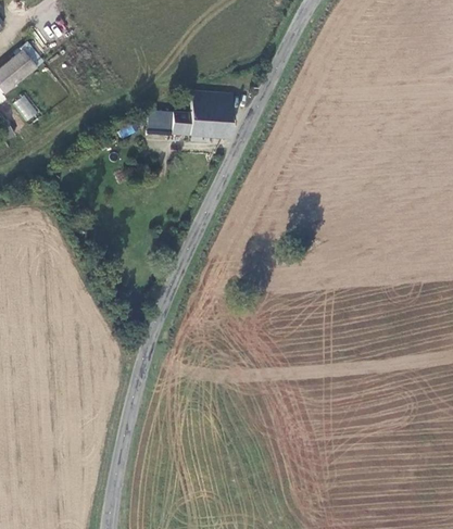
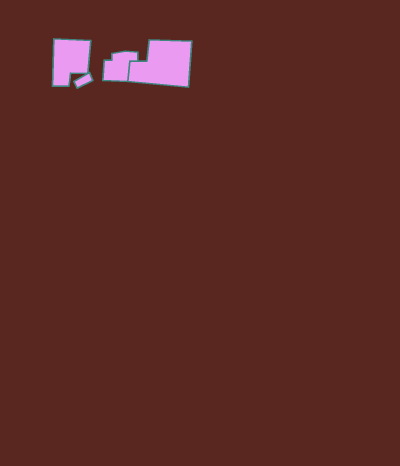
building: none -> [53,39,91,86]

